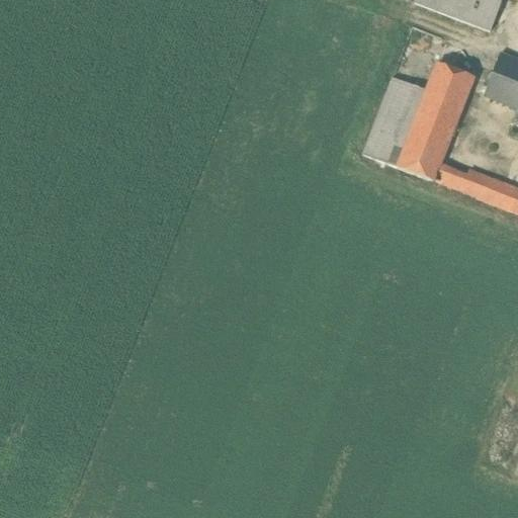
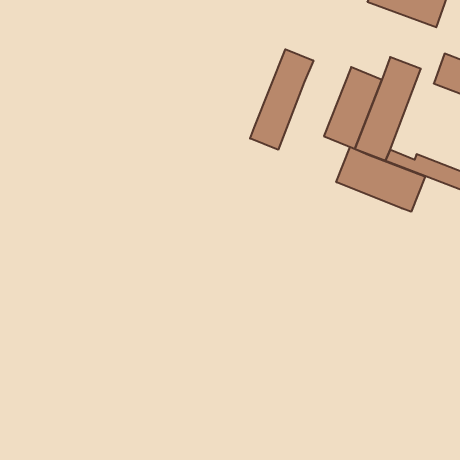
building: none -> [250,49,313,150]
building: none -> [336,147,425,212]

